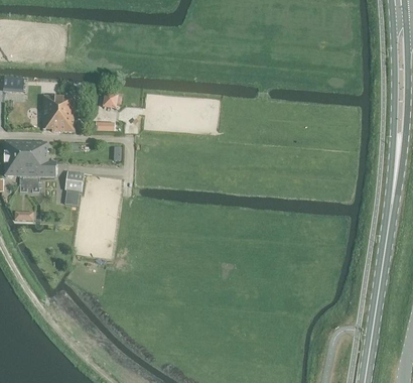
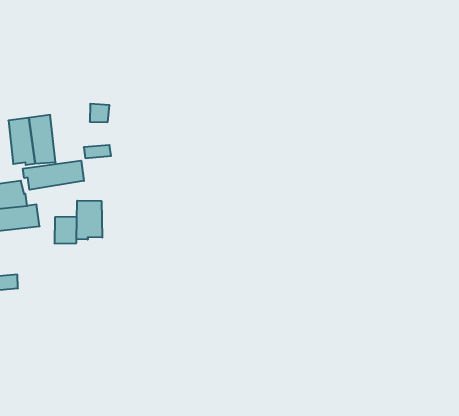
building: none -> [23,161,84,190]
building: none -> [76,201,102,240]

